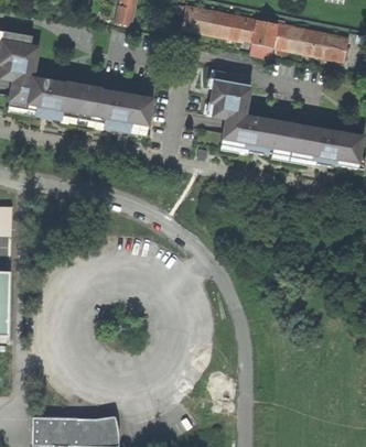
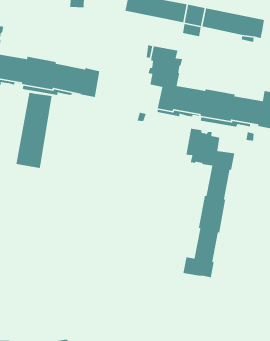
building: none -> [16,92,53,169]
building: none -> [182,128,235,278]

